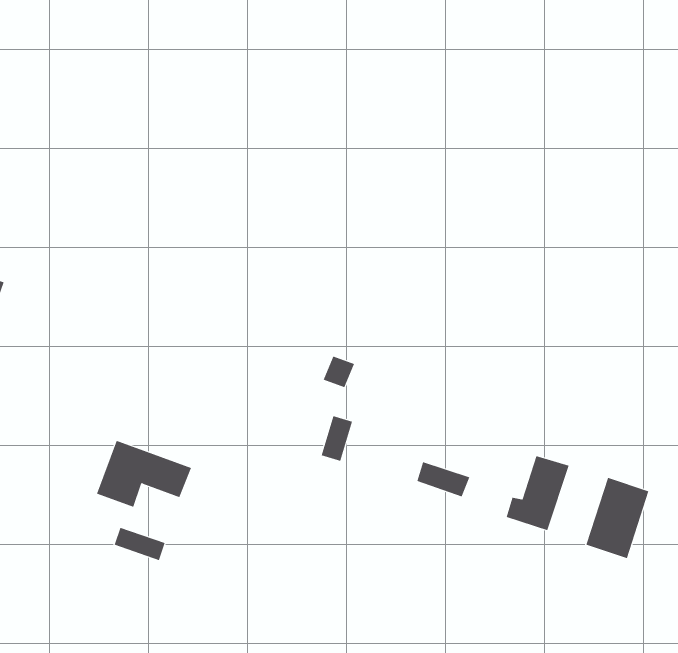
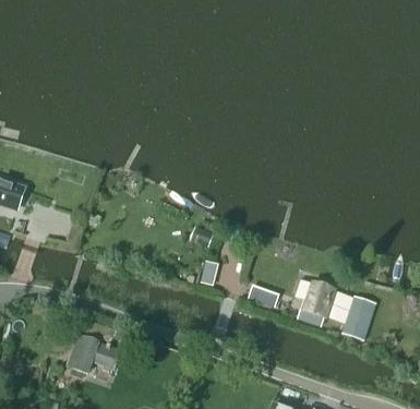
building: [96,440,192,508] -> [68,335,120,372]

